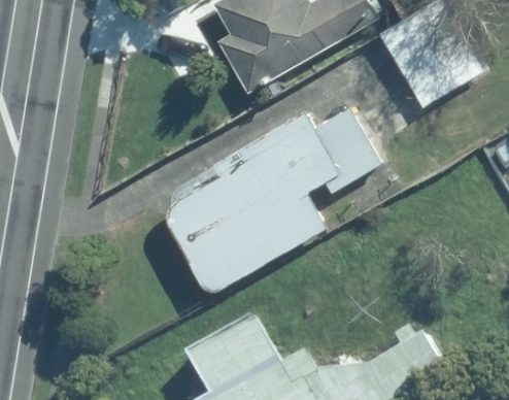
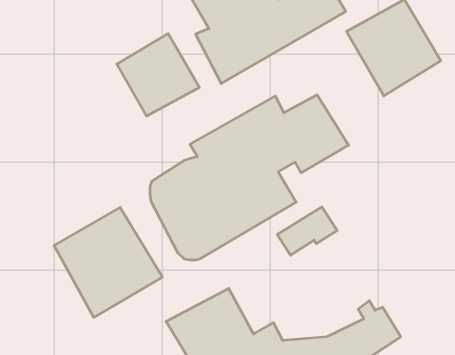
building: none -> [117,34,199,116]
building: none -> [54,207,162,317]

